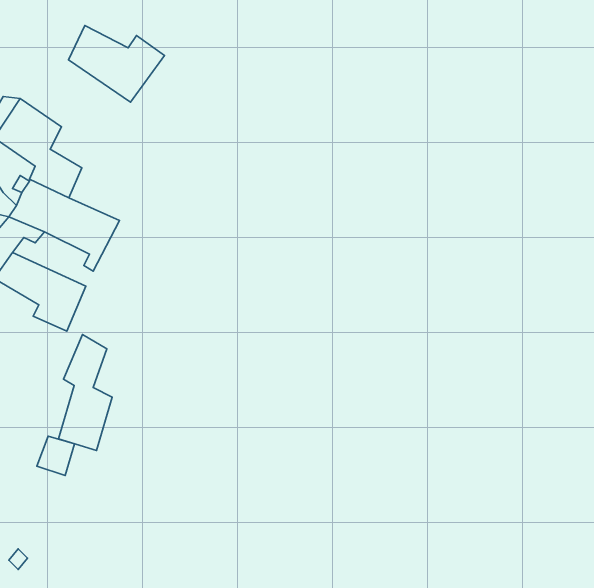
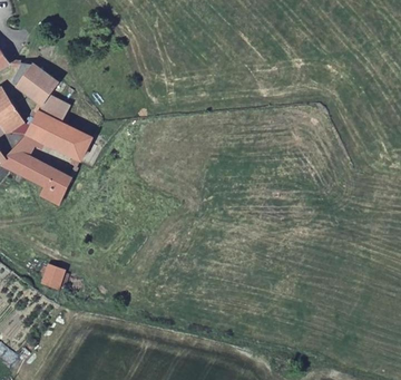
building: [68,26,165,102] -> none
building: [58,335,112,451] -> none

